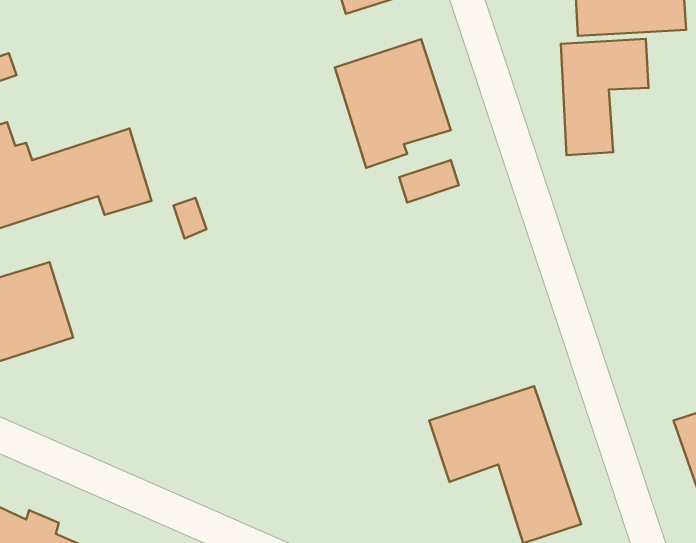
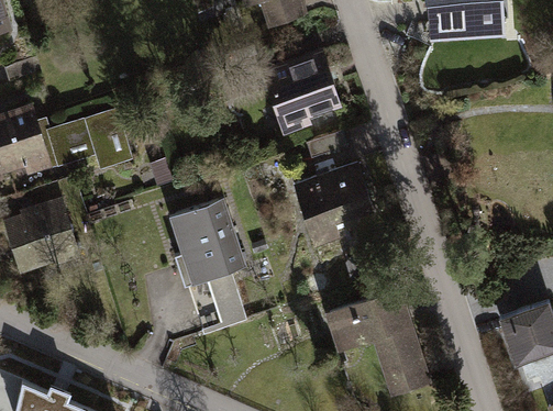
building: [561,39,649,155] -> none
building: none -> [295,164,375,254]
building: none -> [161,195,247,301]

